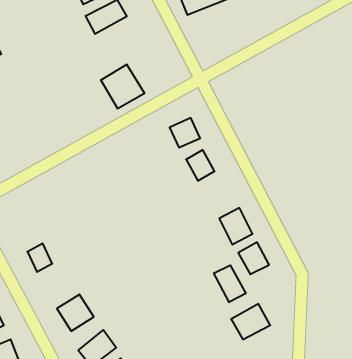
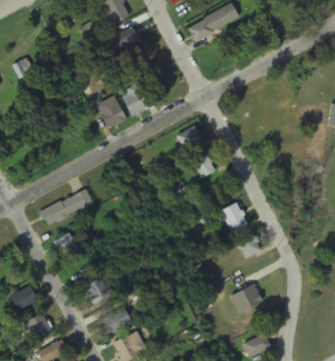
building: none -> [95,95,126,129]
building: none -> [40,189,94,226]
building: [214,265,246,302] -> none

